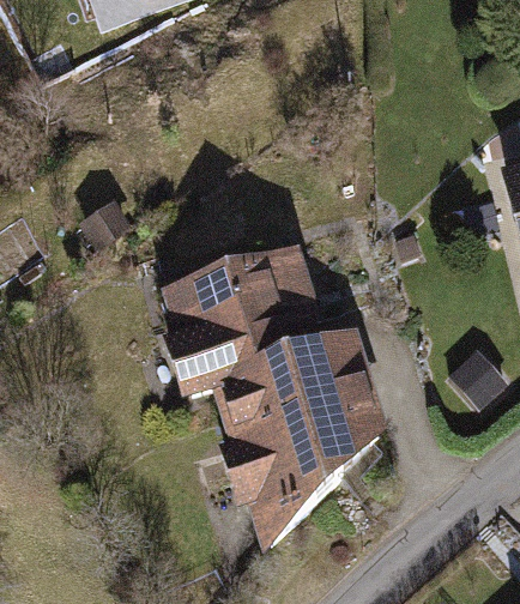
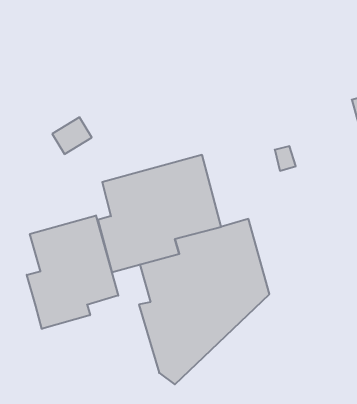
building: none -> [27,215,118,329]

